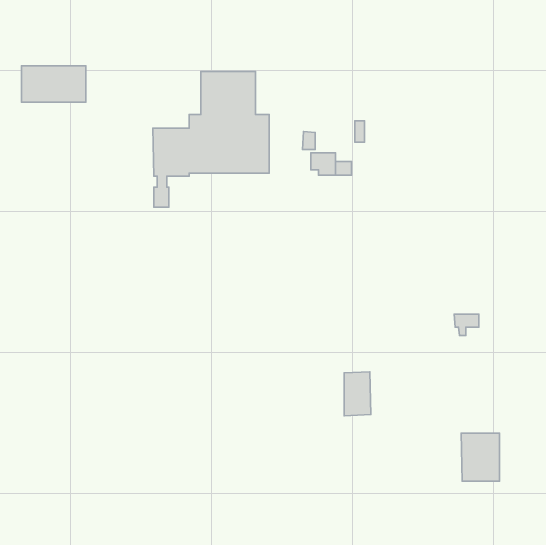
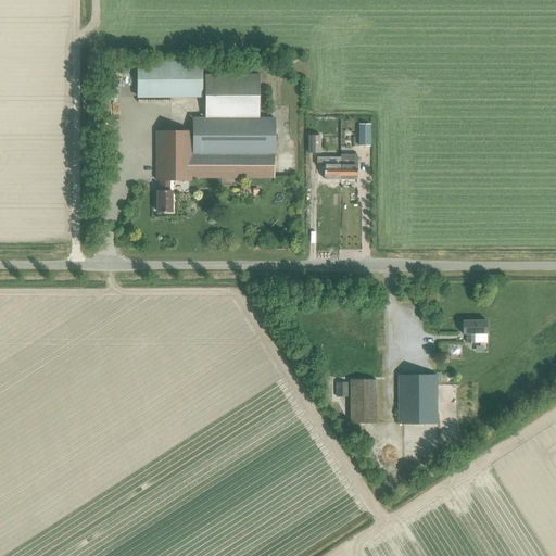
building: [22,66,86,102] -> [136,60,201,97]
building: [461,433,500,481] -> [397,374,437,422]

